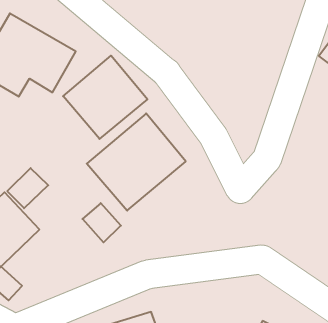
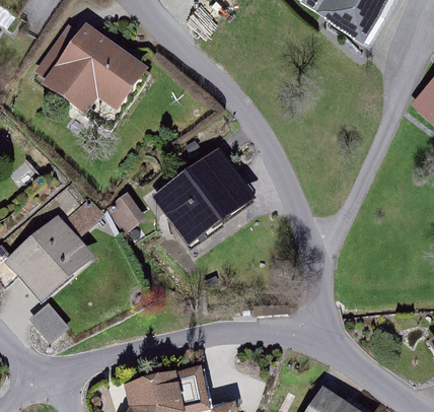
building: [63,56,147,139] -> none
building: [82,203,121,242] -> [105,190,146,232]

